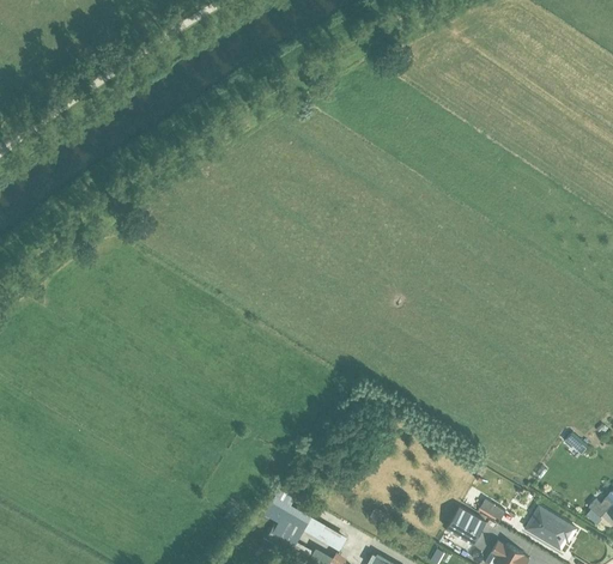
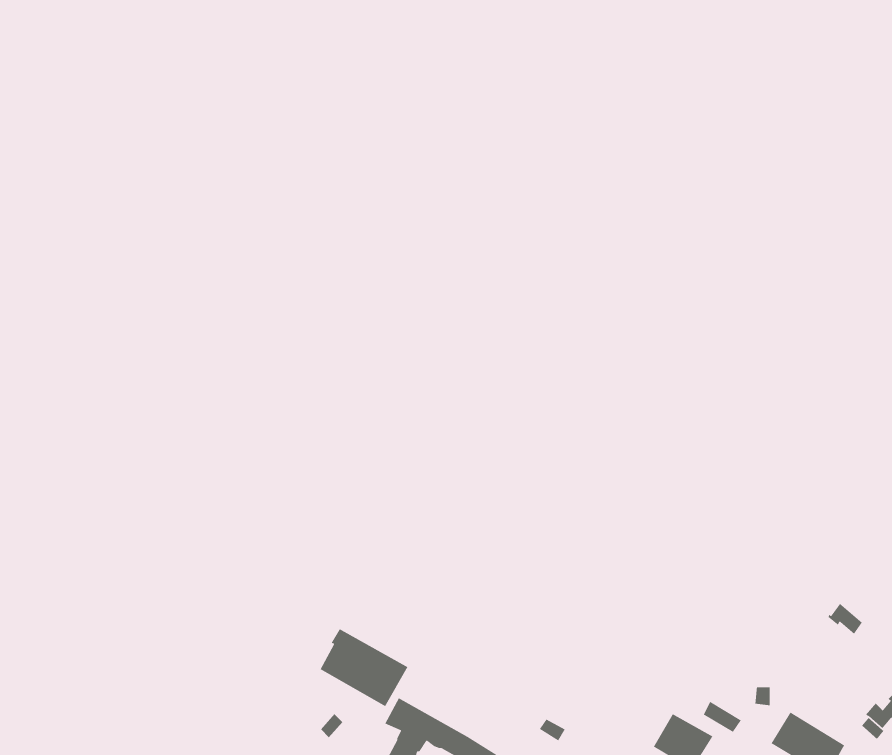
building: none -> [320,628,408,707]

